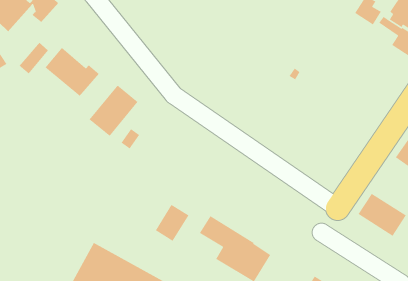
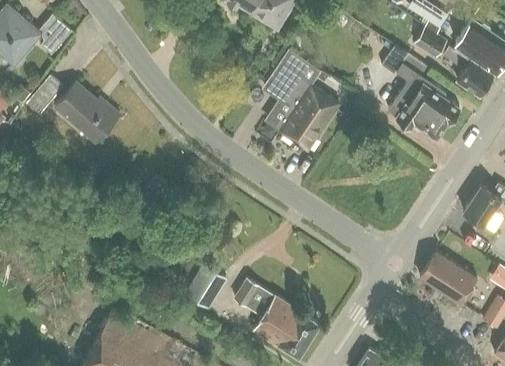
building: none -> [382,45,460,137]
building: none -> [263,50,339,150]
building: [88,85,139,137] -> none

